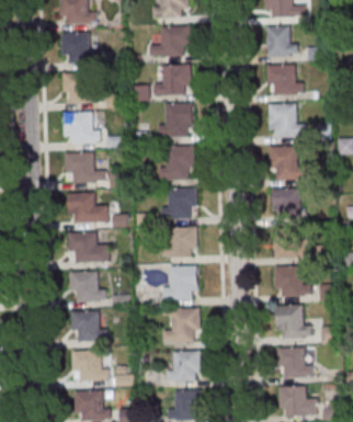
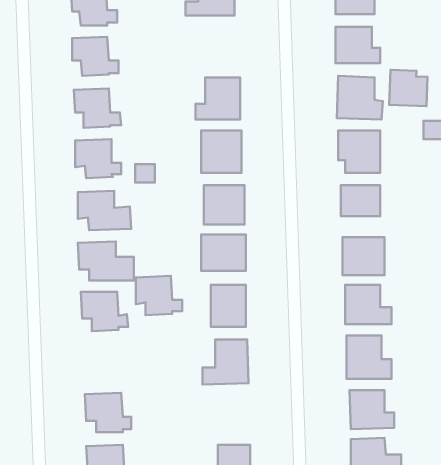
building: [155,66,190,94] -> none
building: none -> [389,70,427,106]
building: [70,311,106,342] -> [136,276,182,315]
building: [170,352,201,383] -> none

